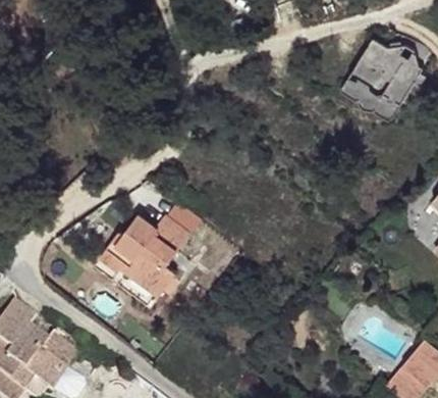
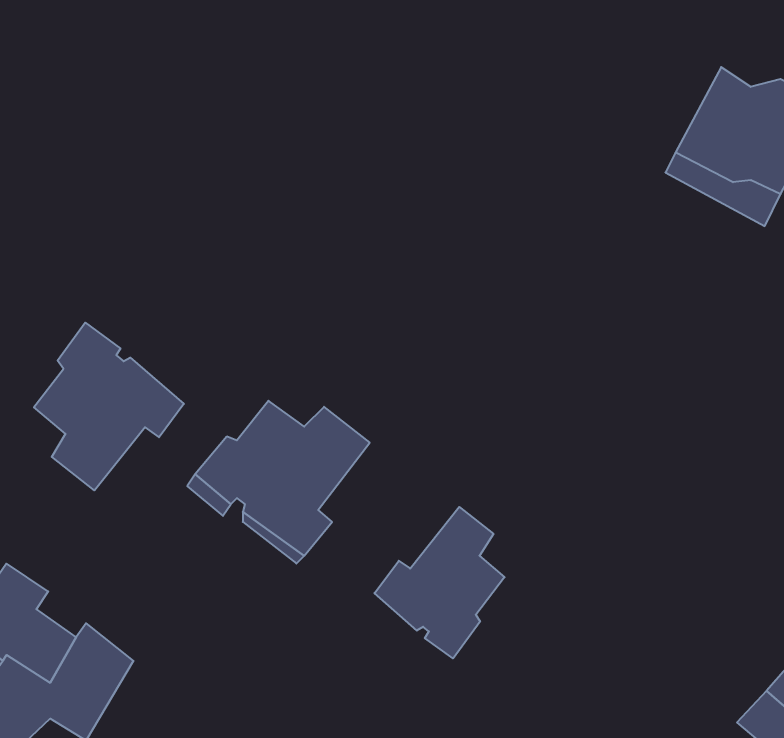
building: none -> [34,323,184,490]
building: none -> [374,507,505,658]

